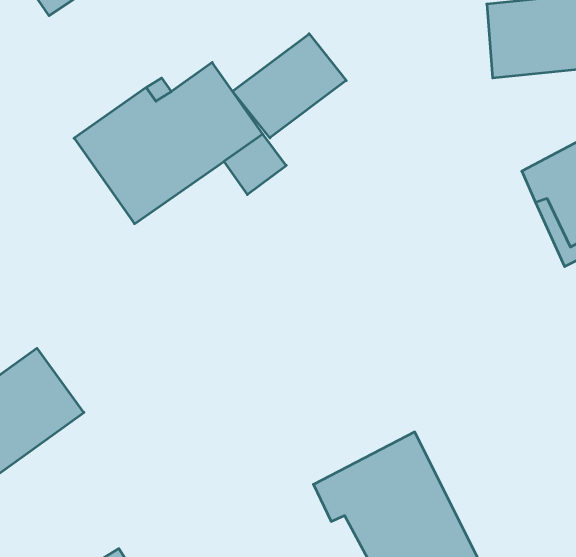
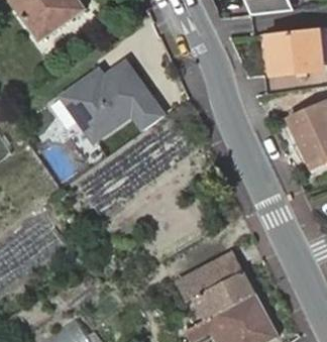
building: [233,34,346,138] -> none

